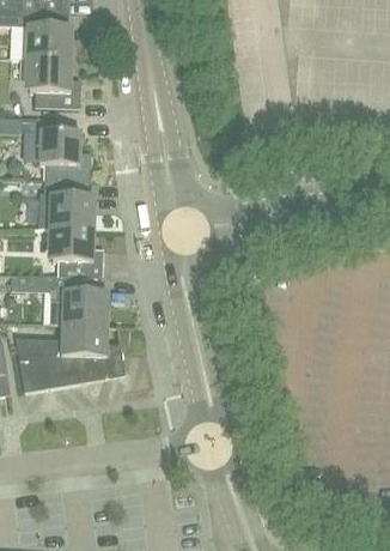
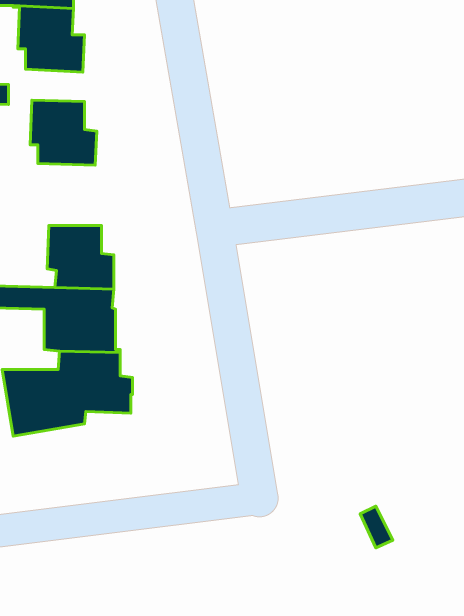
building: [43,180,91,228] -> none

